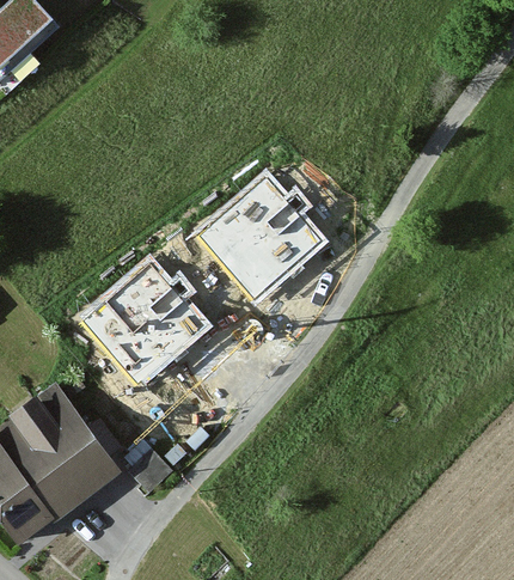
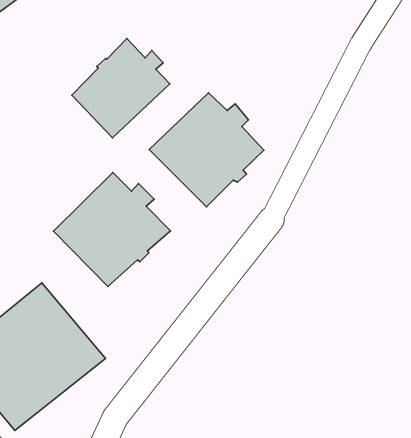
building: none -> [72,39,170,138]

